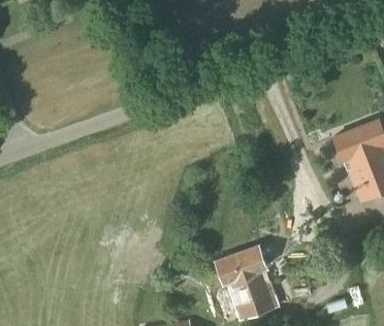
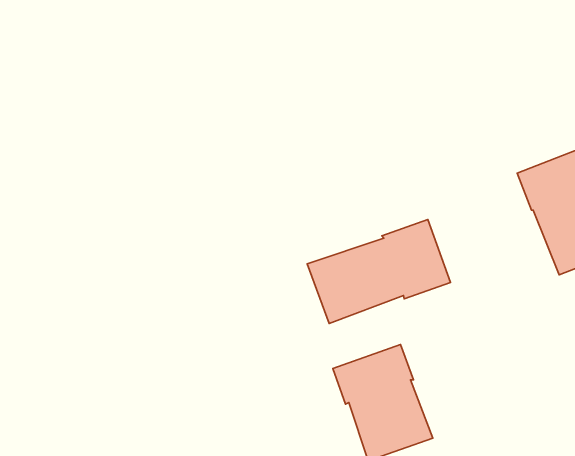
building: none -> [307,220,450,323]

